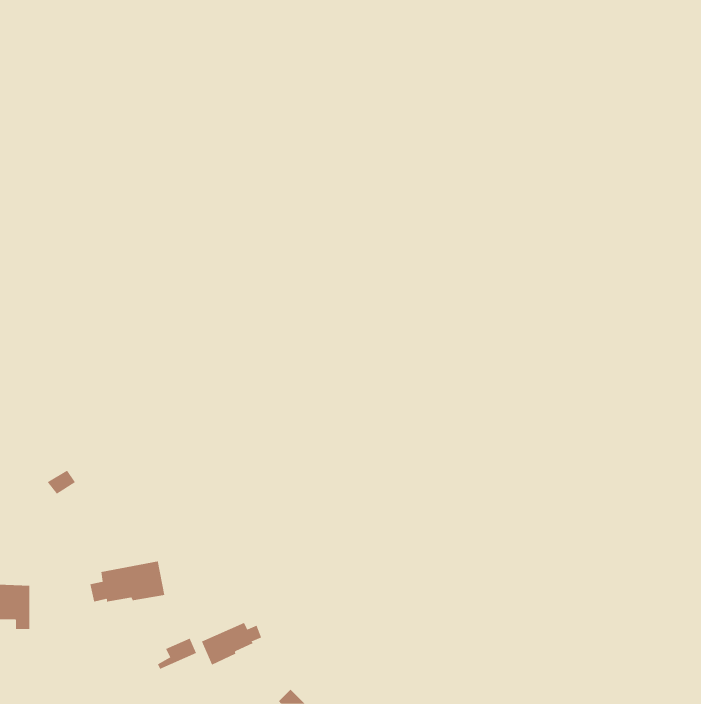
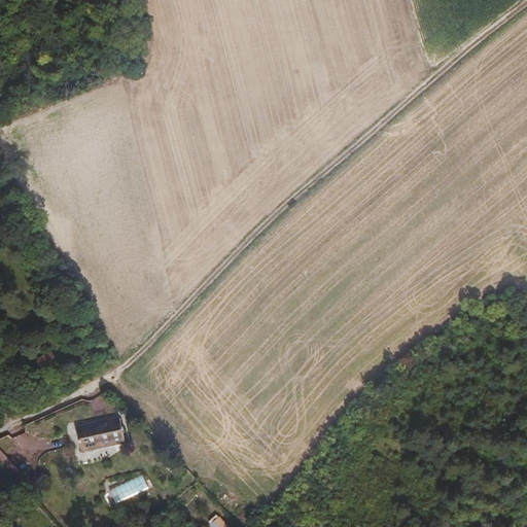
building: [201,622,262,666] -> none

